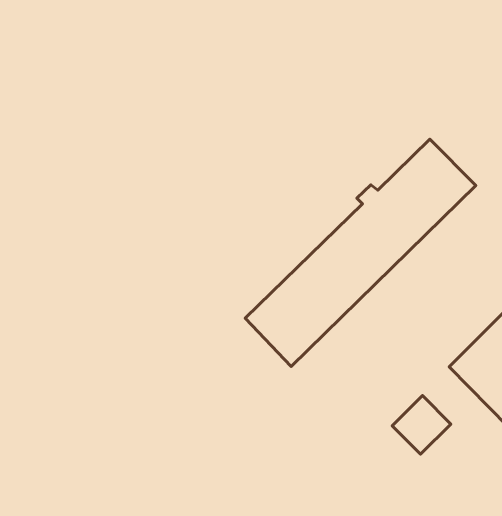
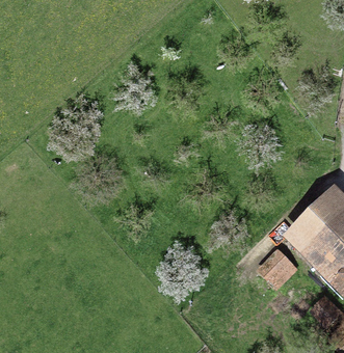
building: [245,139,476,366] -> none

